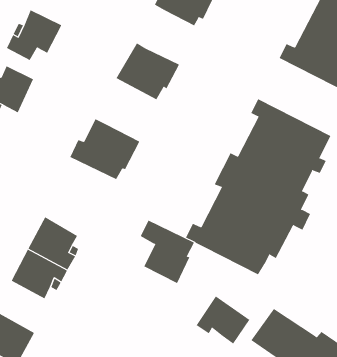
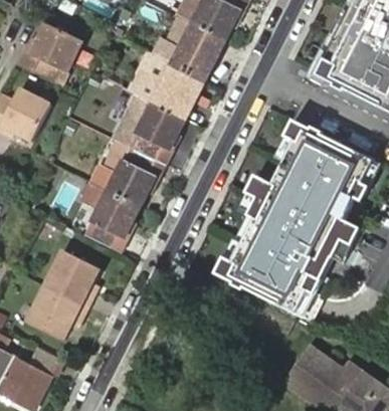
building: none -> [162,23,225,82]
building: none -> [124,97,184,167]
building: [140,220,195,284] -> [79,184,140,254]
building: [196,296,250,344] -> none

